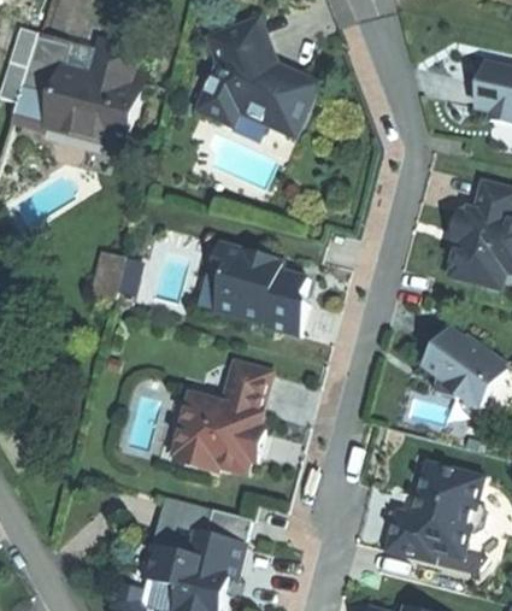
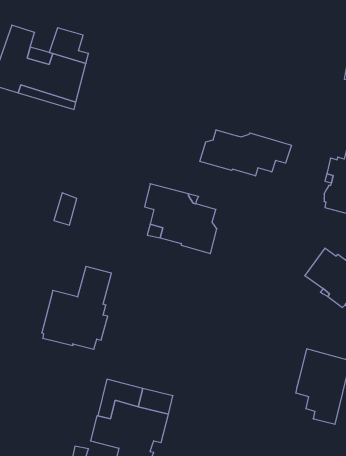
building: [196,18,314,133] -> none
building: none -> [200,130,292,176]
building: [175,362,266,470] -> [42,267,111,349]
building: [383,507,435,560] -> none

